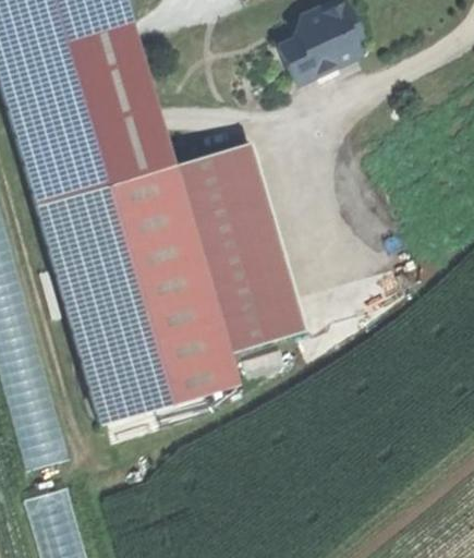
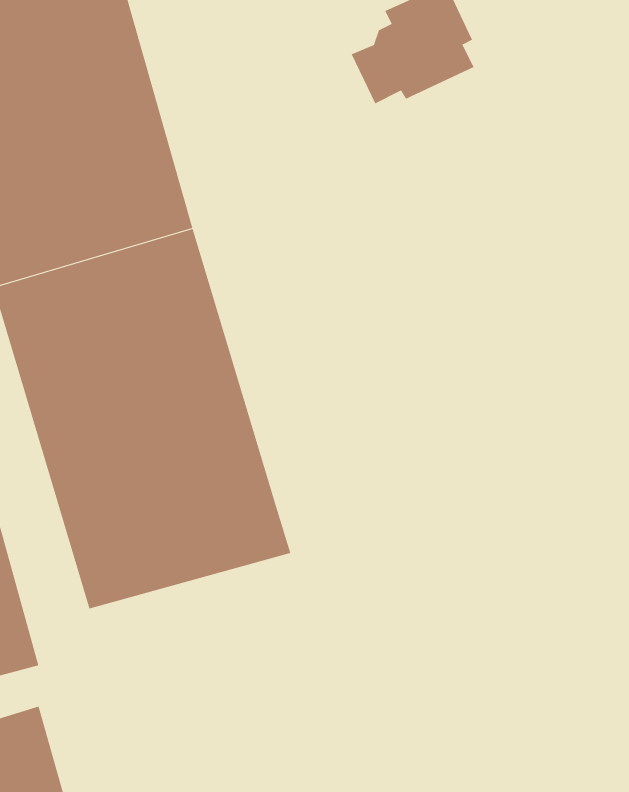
building: [171,141,306,353] -> none

